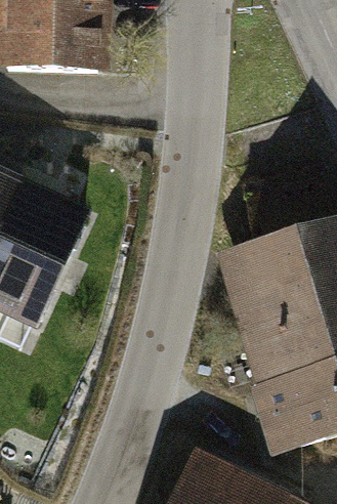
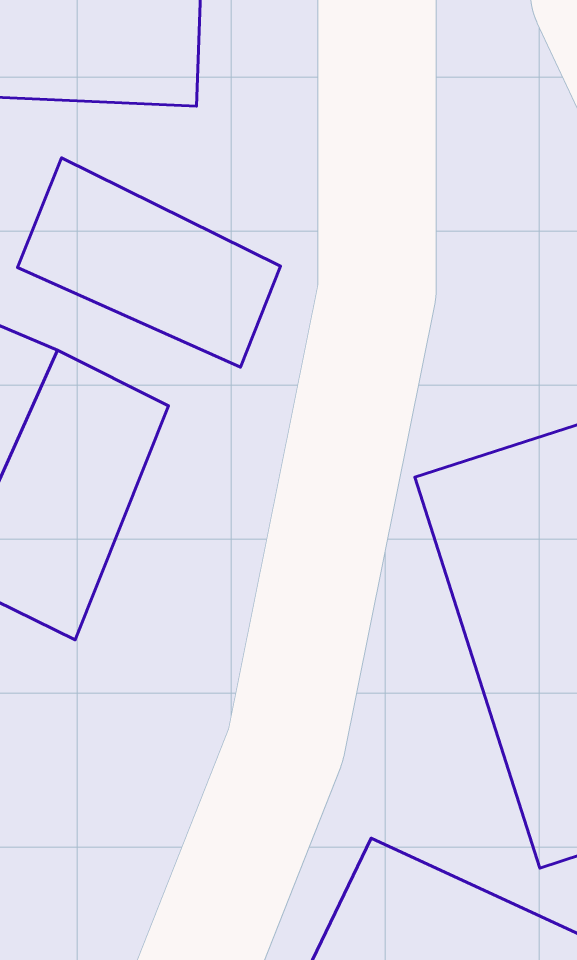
building: none -> [17,158,280,367]

